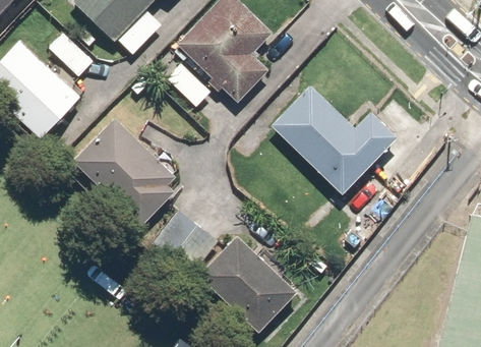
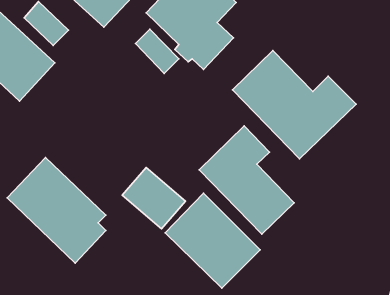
building: [71,116,176,228] -> [7,158,106,263]
building: none -> [199,126,294,234]

